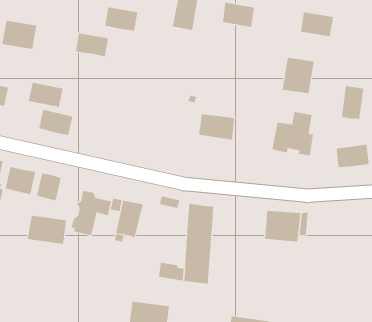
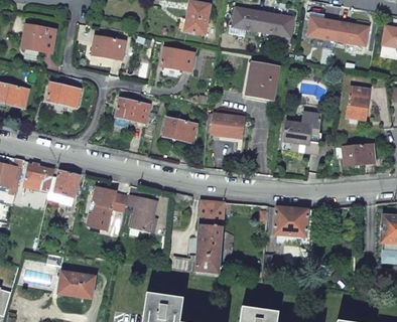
building: [105,7,138,31] -> [161,47,193,70]
building: none -> [261,12,293,35]
building: none -> [337,21,369,45]
building: [282,57,314,94] -> [247,63,278,99]
building: [38,109,73,136] -> [116,98,149,123]
building: none -> [162,118,196,142]
building: [27,215,67,244] -> [56,270,95,298]

